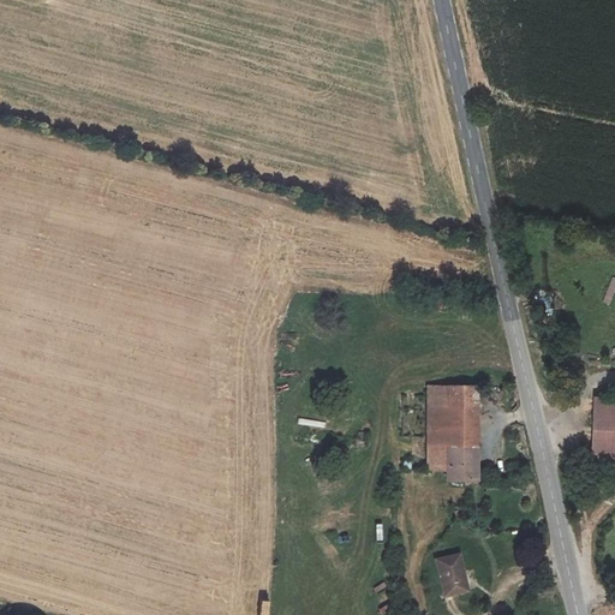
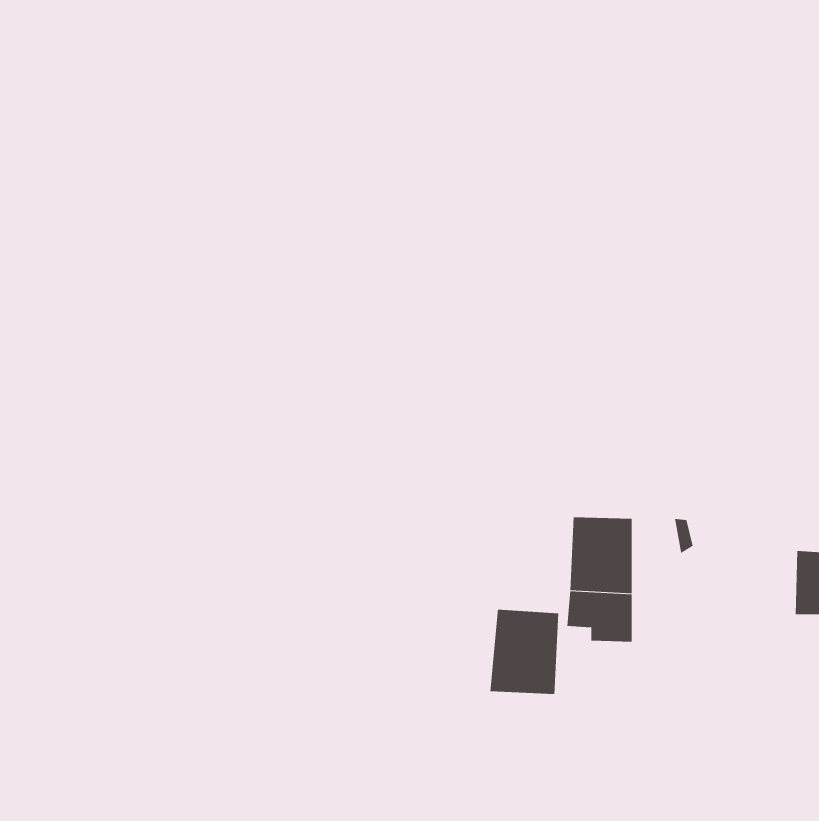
building: none -> [490,609,559,695]
building: [435,550,470,593] -> none

